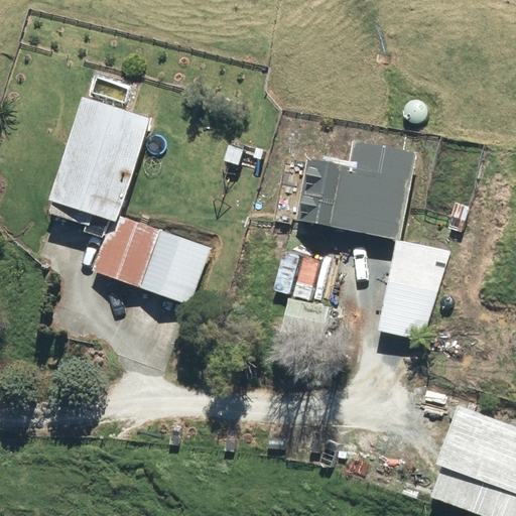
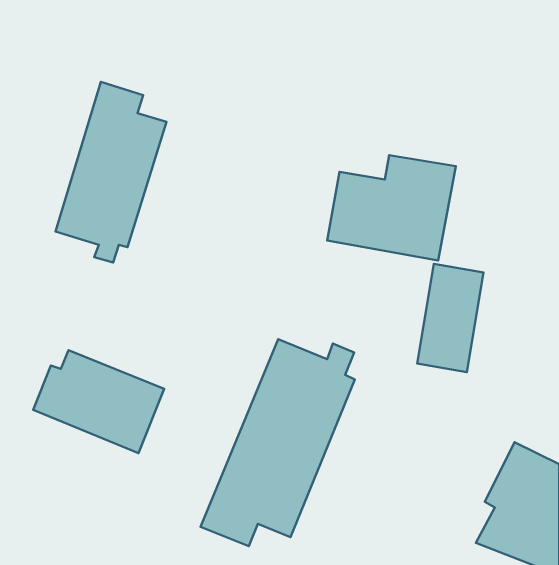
building: [92,217,211,310] -> [33,350,164,453]
building: none -> [201,339,355,546]

